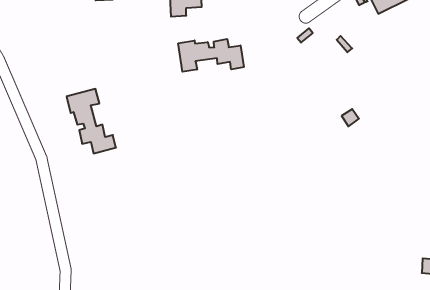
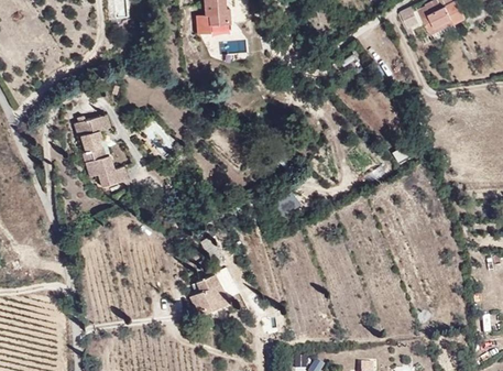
building: [178,39,244,72] -> none
building: none -> [190,275,230,313]

